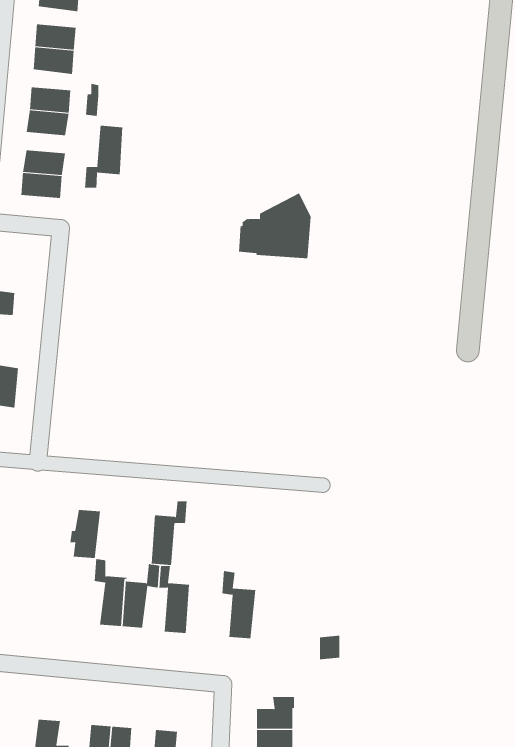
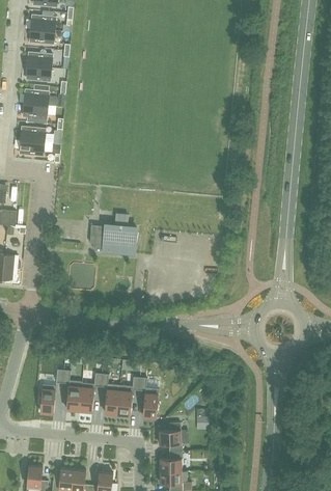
building: [84,125,123,189] -> none
building: [238,192,312,259] -> [92,213,136,252]
building: [151,501,187,565] -> [117,376,139,414]
building: [69,510,101,558] -> [37,383,56,412]
building: none -> [159,421,182,451]

